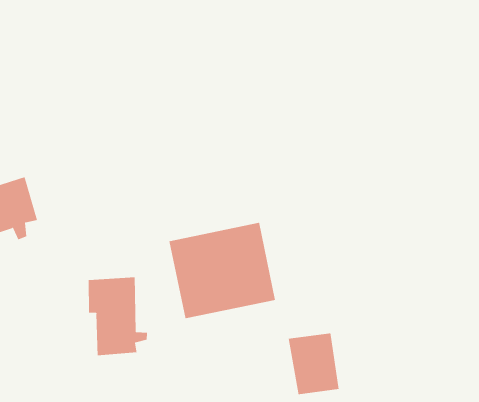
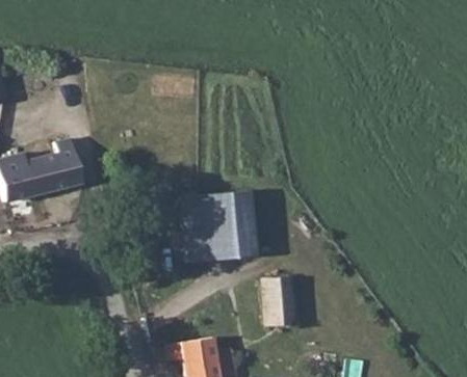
building: [88,276,147,356] -> none

